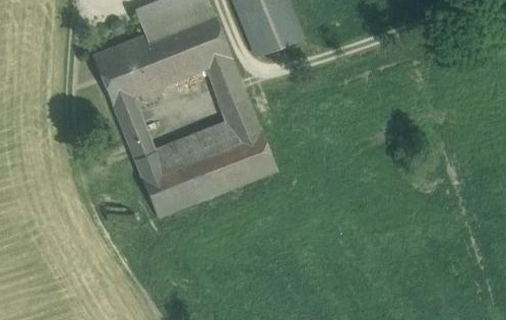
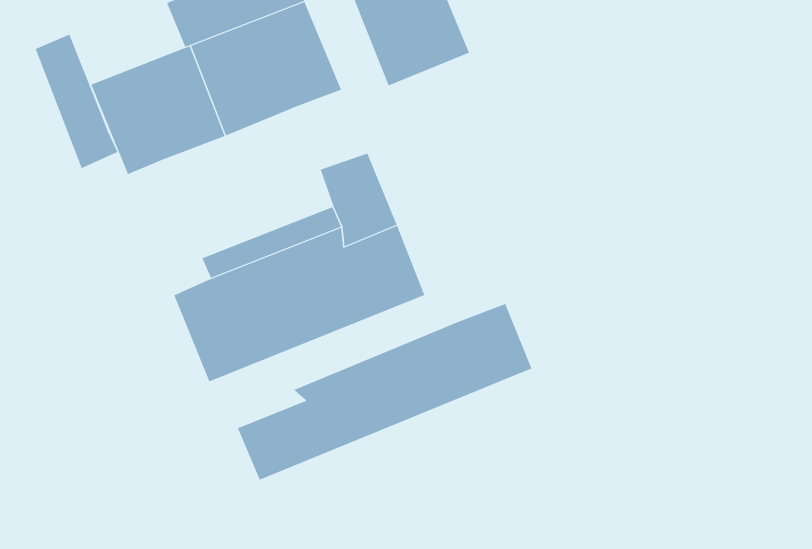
building: [206,57,245,101] -> none
building: [113,95,159,170] -> [35,34,118,169]
building: none -> [237,303,532,481]

